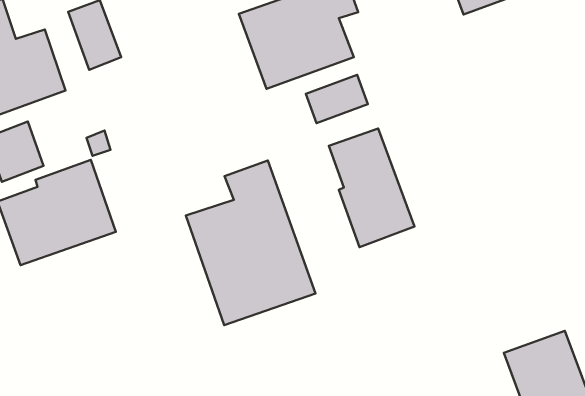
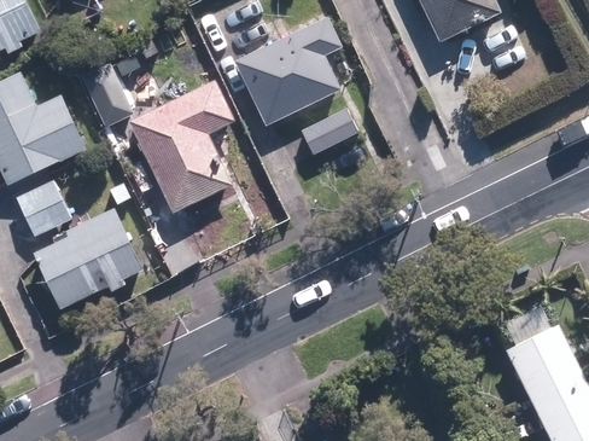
building: none -> [129,82,235,215]
building: [329,129,414,247] -> none
building: [186,160,315,325] -> none

